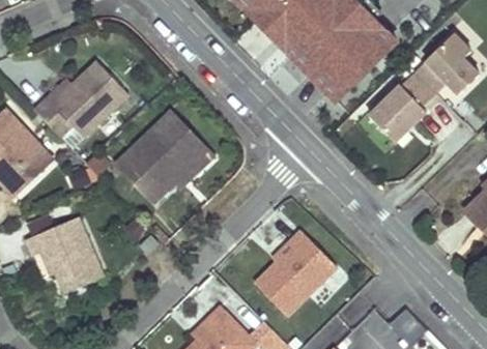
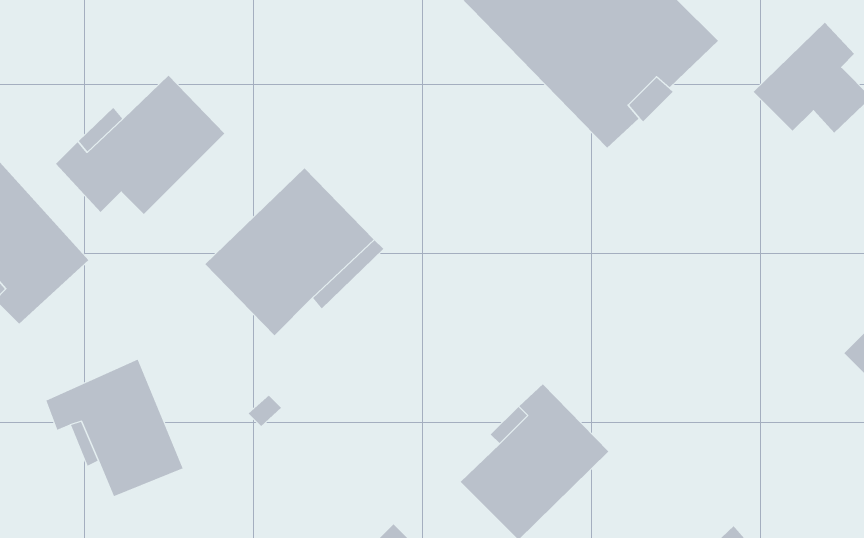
building: [371,70,437,140] -> none

